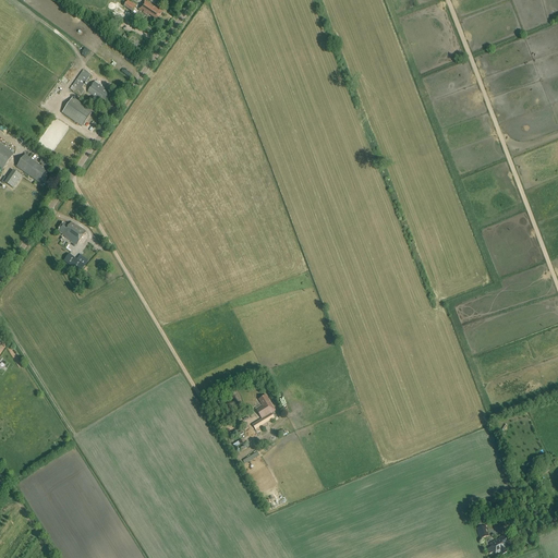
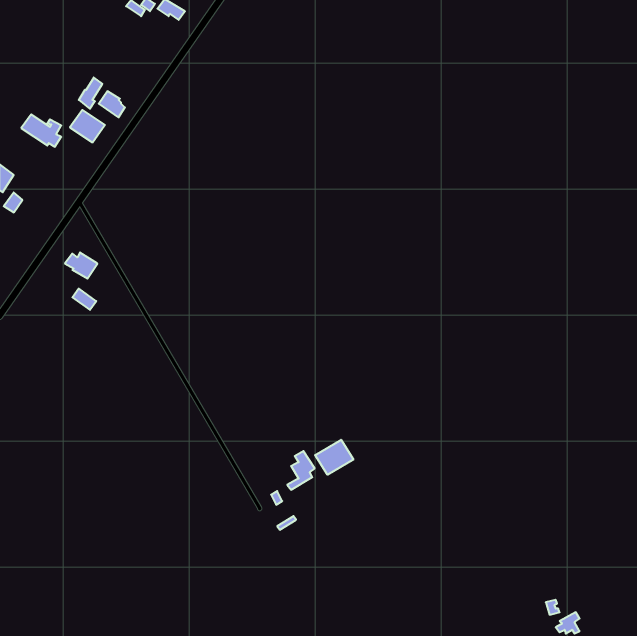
building: [15,154,50,182] -> [21,114,61,147]
building: none -> [315,440,353,475]

